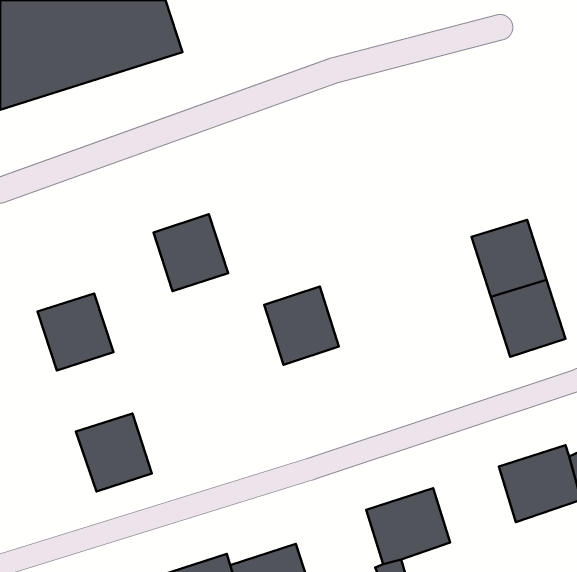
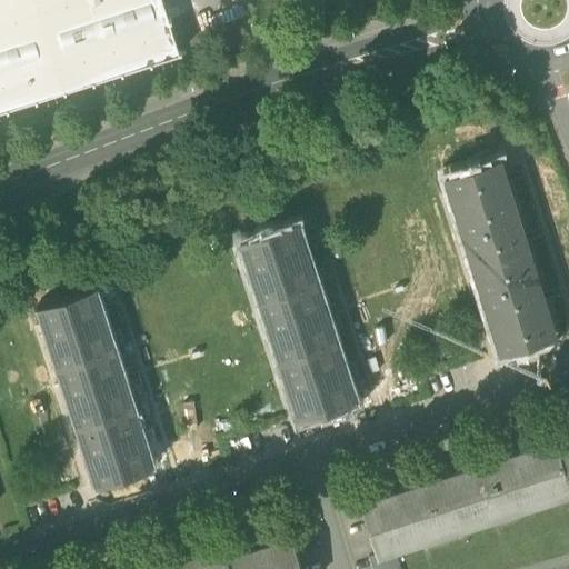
building: none -> [446,163,519,239]
building: [153,214,228,291] -> [242,230,316,306]
building: none -> [280,347,353,423]
building: none -> [58,352,132,430]
building: none -> [427,465,508,539]

